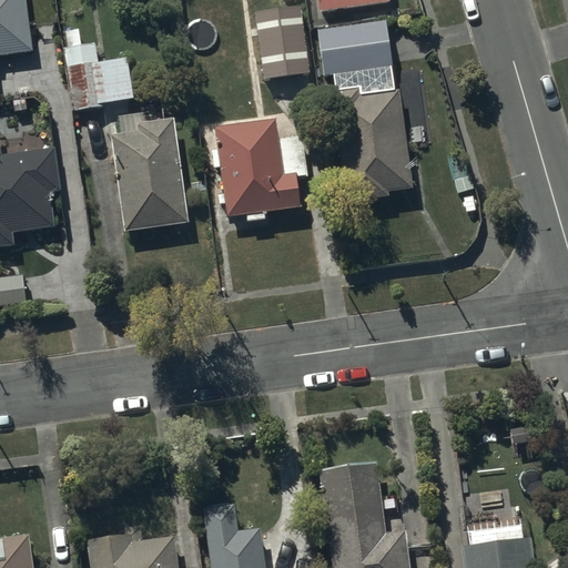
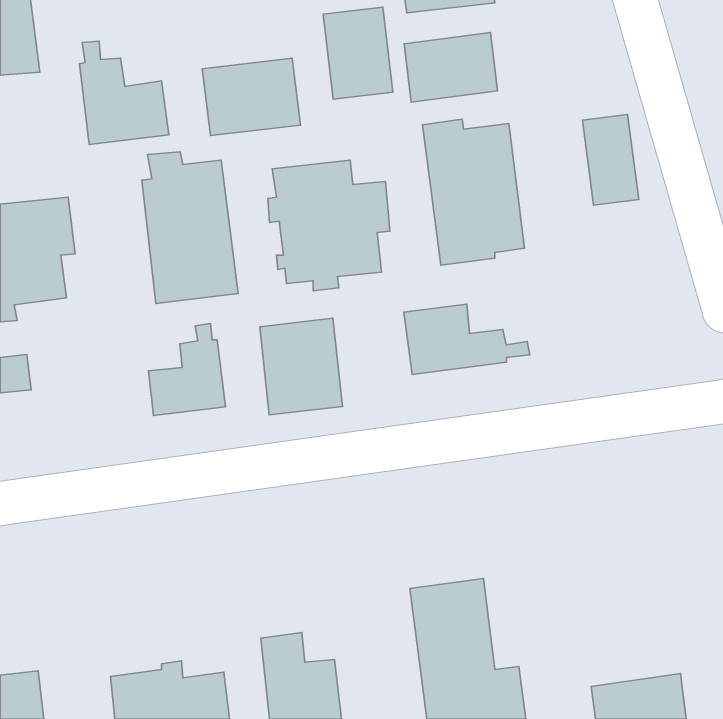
building: none -> [202,58,300,136]
building: none -> [582,114,639,205]
building: none -> [404,304,530,375]
building: none -> [260,318,342,415]
building: none -> [149,323,226,416]

